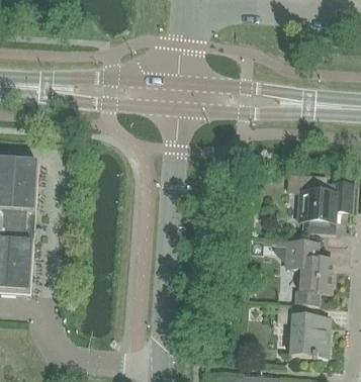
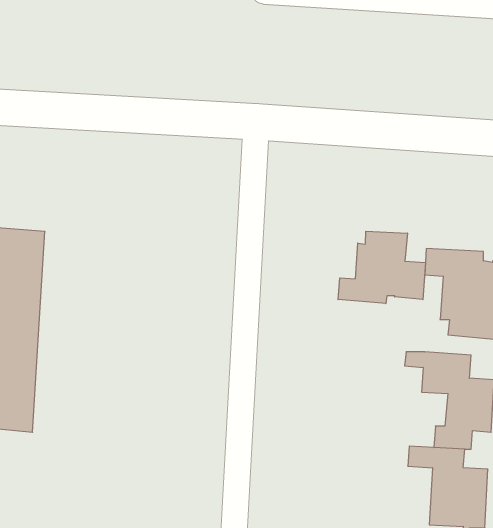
building: none -> [338,231,425,304]

